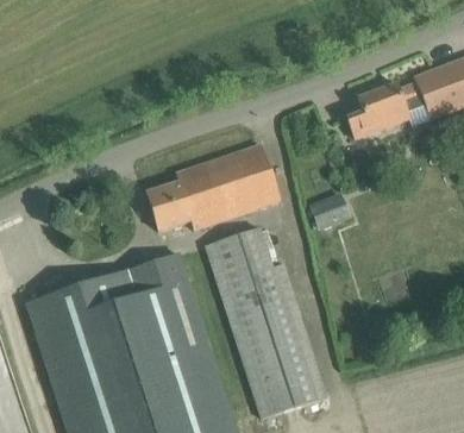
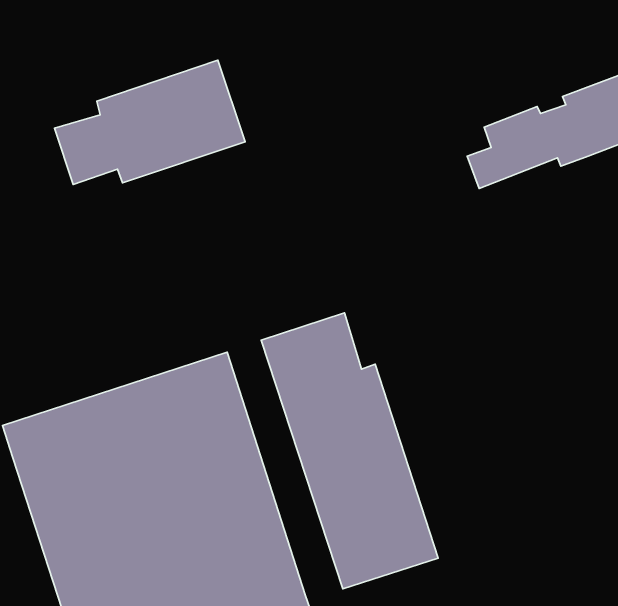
building: [148,143,281,230] -> [54,60,245,185]
building: [311,190,352,228] -> none

